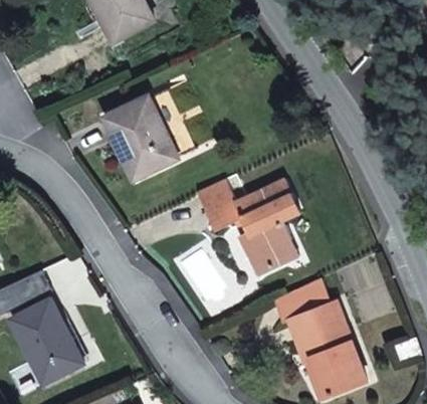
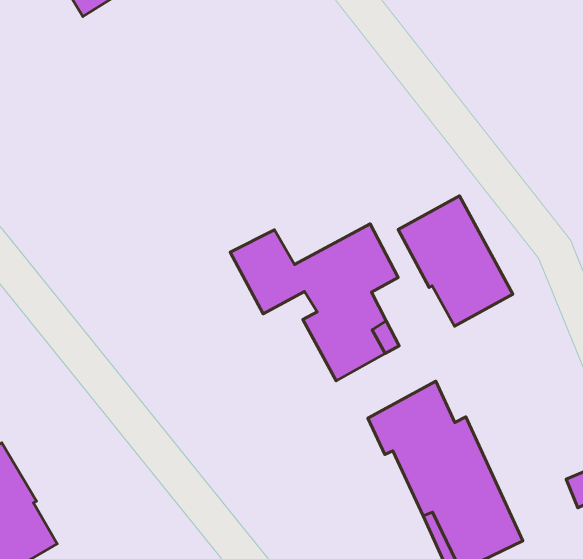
building: [105,97,176,178] -> none
building: none -> [398,196,513,326]

